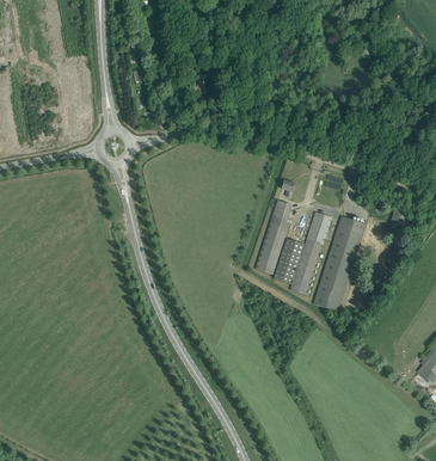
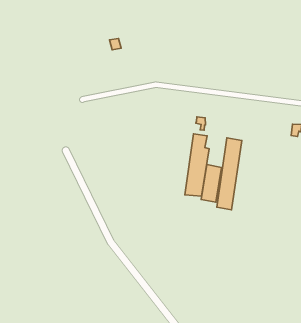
building: [314,215,367,311] -> none

